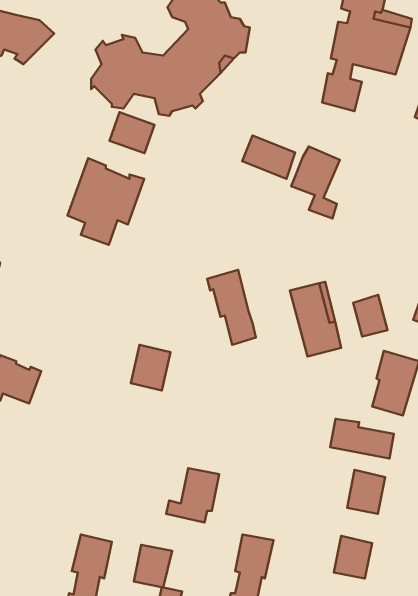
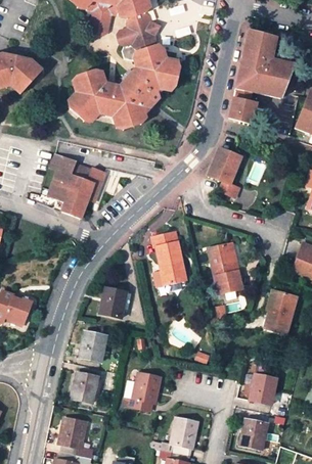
building: [109,112,154,153] -> none
building: [242,136,295,179] -> none
building: [353,295,388,337] -> none
building: none -> [79,331,105,363]
building: [330,419,394,459] -> none
building: [134,545,172,588] -> [70,374,96,404]

